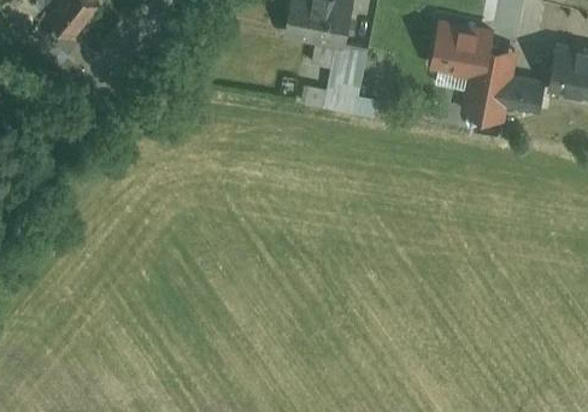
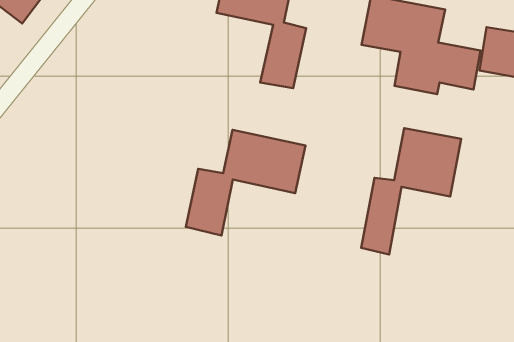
building: none -> [361,128,461,255]
building: none -> [186,130,305,236]

